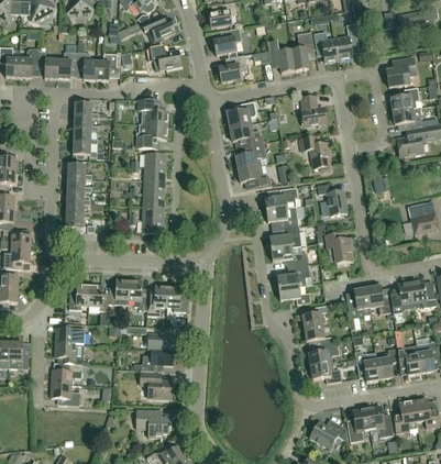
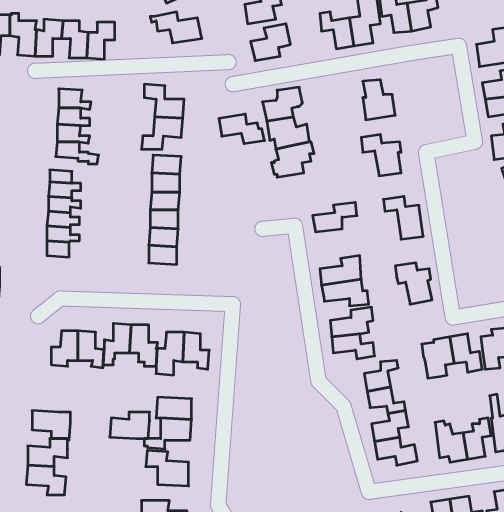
building: [238,165,272,187] -> [219,114,265,144]
building: [266,206,298,225] -> none
building: [55,323,85,343] -> [110,412,150,439]

